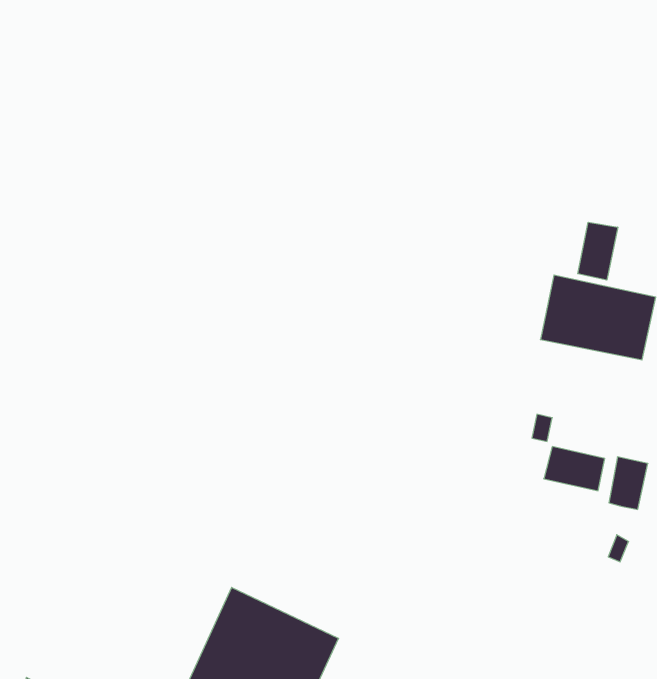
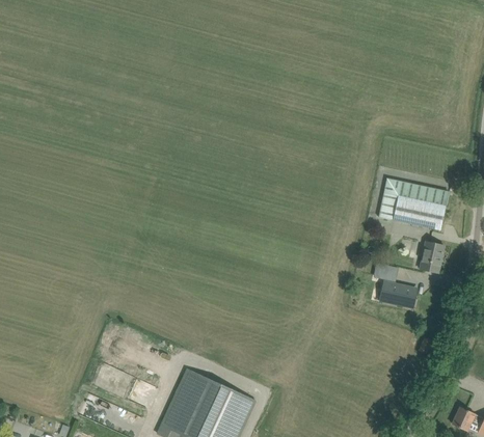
building: [578,222,618,280] -> none
building: [609,457,648,509] -> [420,241,443,273]

